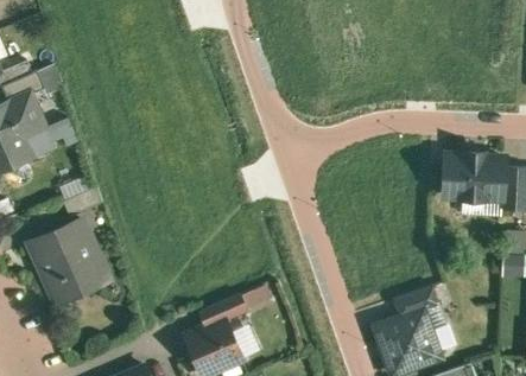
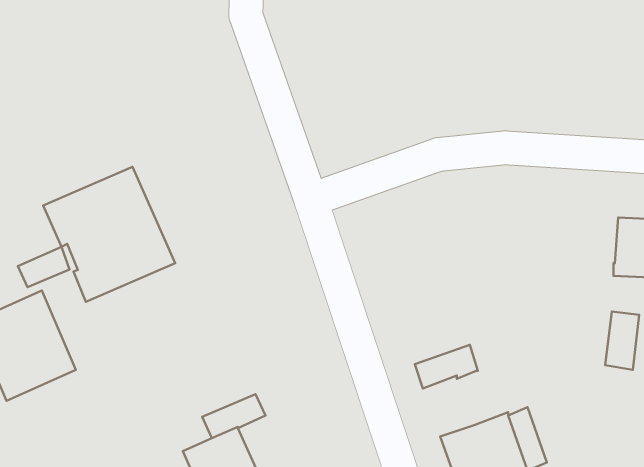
building: none -> [43,167,175,302]
building: [444,153,506,199] -> none
building: [394,286,441,318] -> [415,345,478,388]

